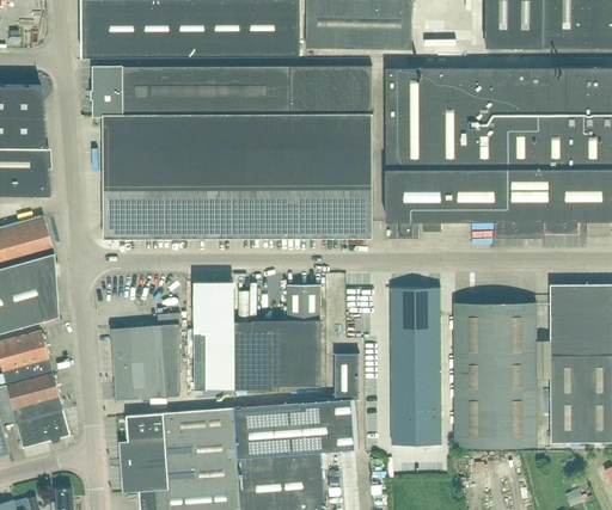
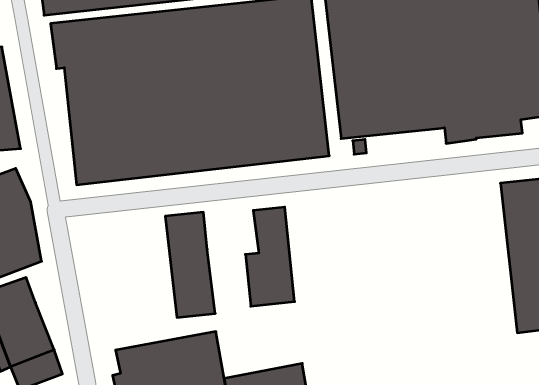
building: [391,284,439,444] -> none
building: [233,293,273,389] -> none
building: [454,303,536,447] -> none
building: [111,313,179,400] -> none
building: [233,354,359,459] -> none

